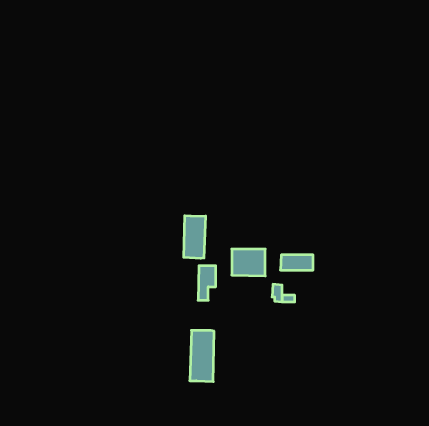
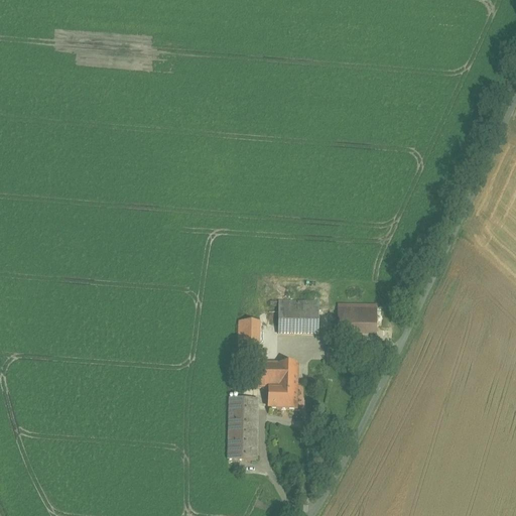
building: [184,216,206,258] -> none
building: none -> [257,361,297,407]

